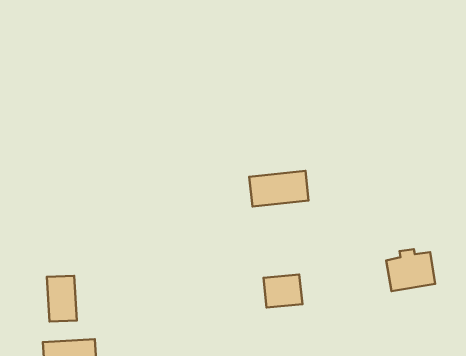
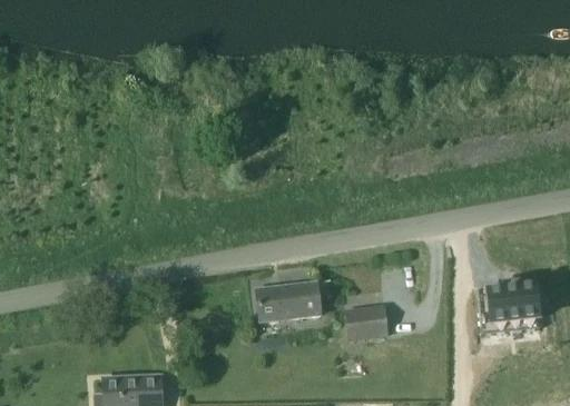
building: [249,171,309,207] -> [256,283,321,321]
building: [47,276,77,321] -> none

